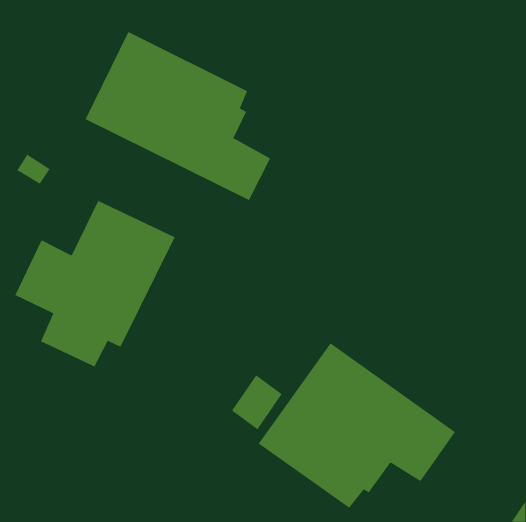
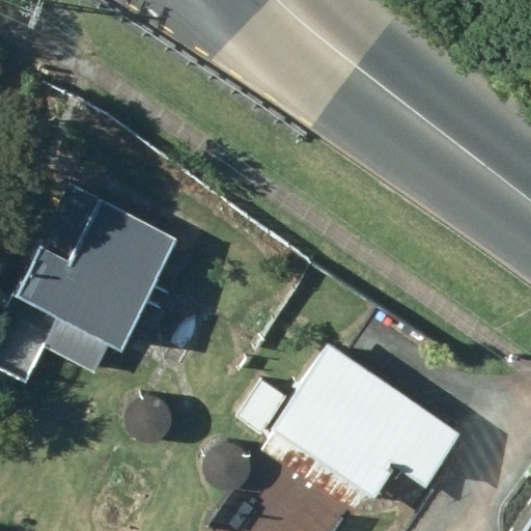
building: [85,31,271,201] -> none

